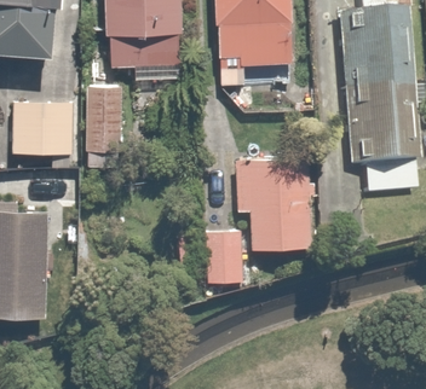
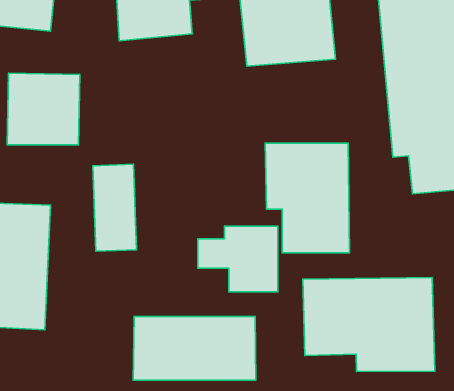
building: [86,77,123,152] -> [93,164,136,251]
building: none -> [303,277,435,372]
building: none -> [133,317,256,380]

